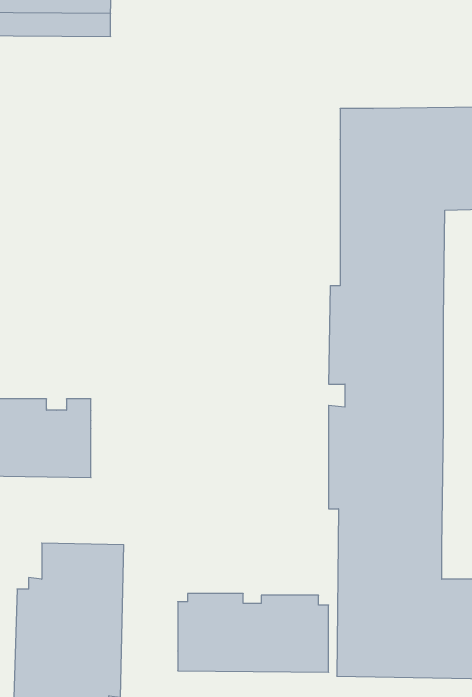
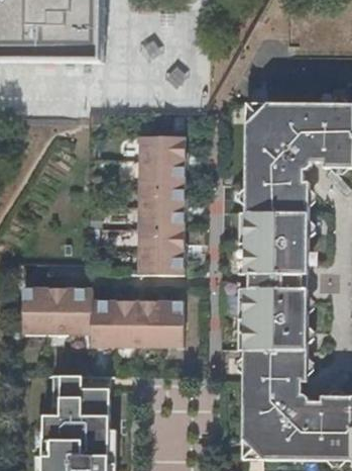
building: none -> [137,133,187,273]
building: [178,594,329,672] -> [91,297,184,346]

